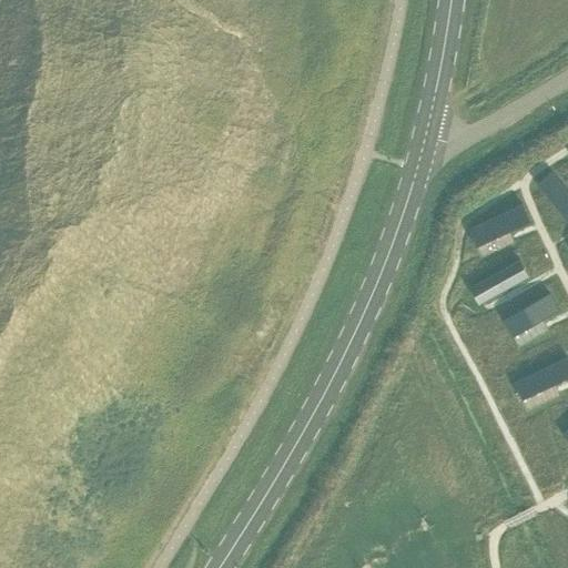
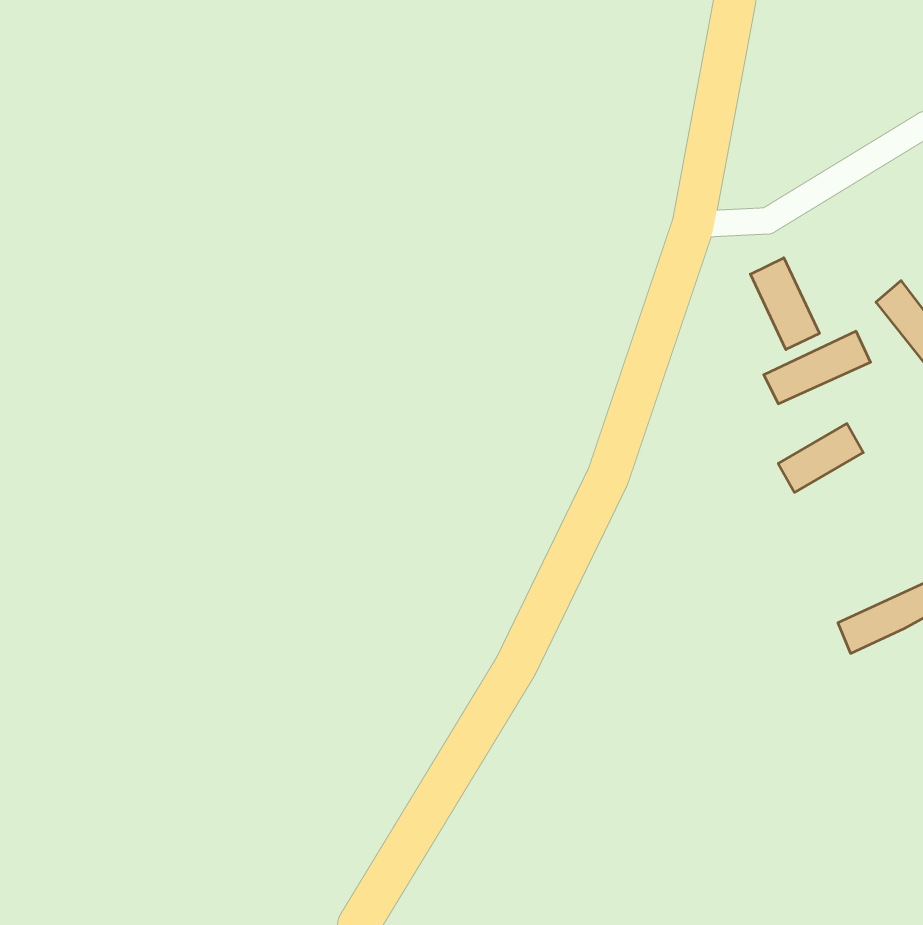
building: none -> [750,258,819,350]
building: [505,294,559,338] -> none

